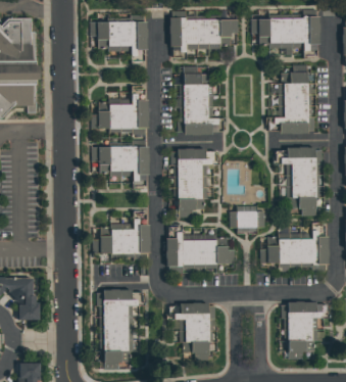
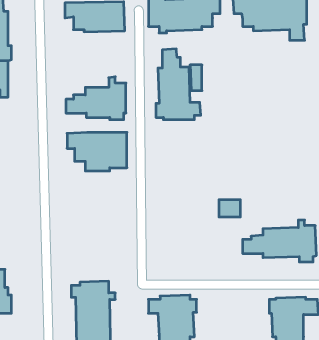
building: [266,63,315,133] -> none
building: [277,146,323,216] -> none
building: [170,147,211,217] -> none
building: [92,218,150,252] -> none
building: [166,231,236,273] -> none

